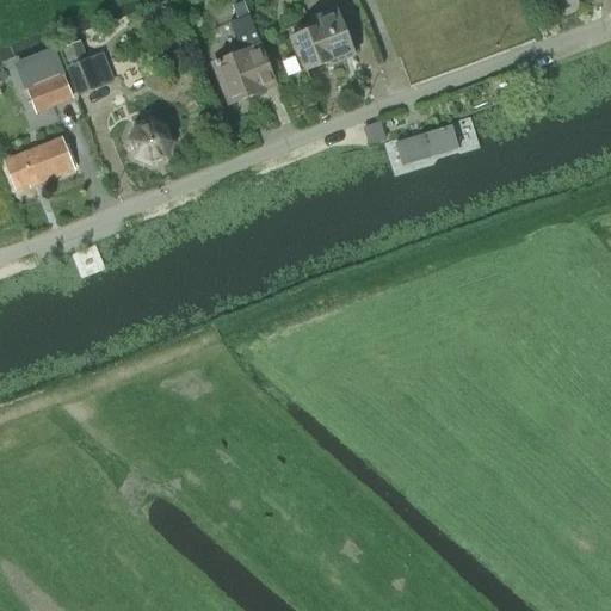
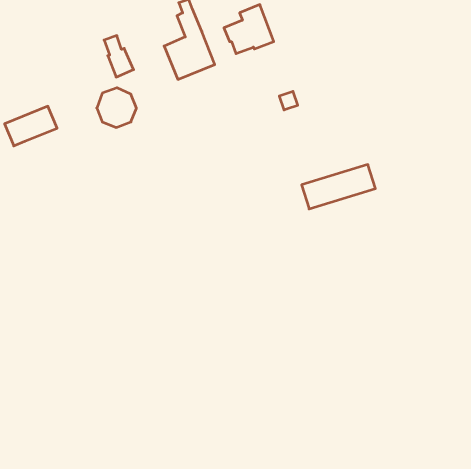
building: [63,39,101,93] -> [104,36,134,77]
building: [18,48,73,111] -> none
building: [384,117,480,174] -> [302,165,375,209]

